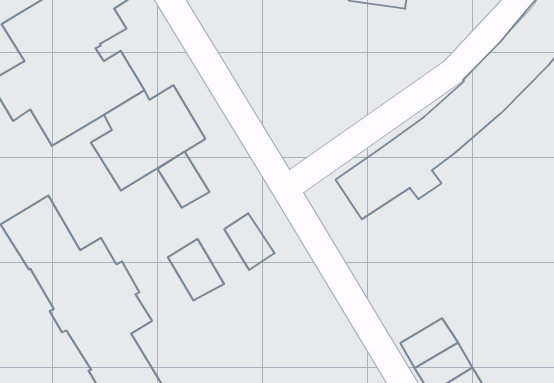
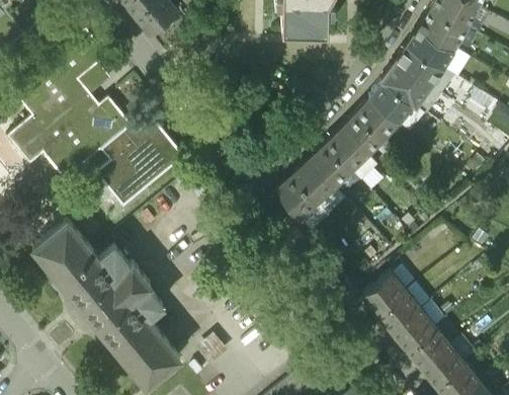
building: [158,152,209,208] -> none
building: [224,213,275,270] -> [275,176,318,221]
building: [168,239,224,301] -> none

